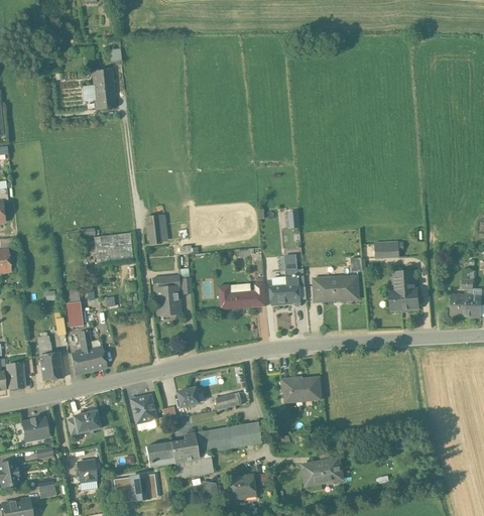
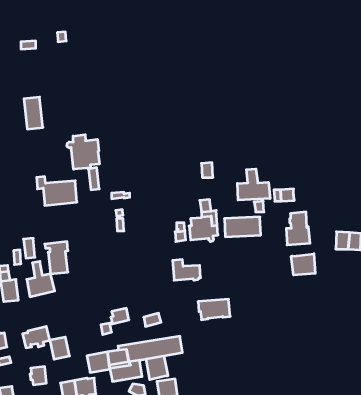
building: [92,70,115,109] -> [24,97,43,129]
building: none -> [67,135,99,169]
building: none -> [237,169,270,200]
building: [151,275,179,314] -> [45,242,68,274]
building: [218,284,252,309] -> [173,260,201,280]
building: none -> [291,254,315,275]
building: [131,395,155,422] -> [50,337,70,359]
building: none -> [146,356,168,380]
building: [302,458,343,486] -> none

